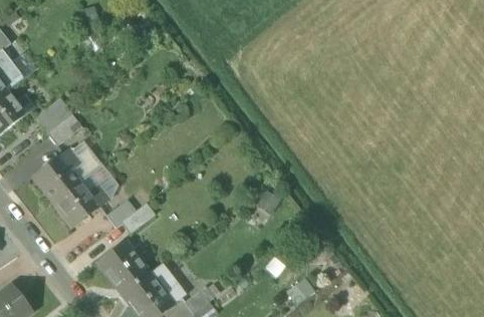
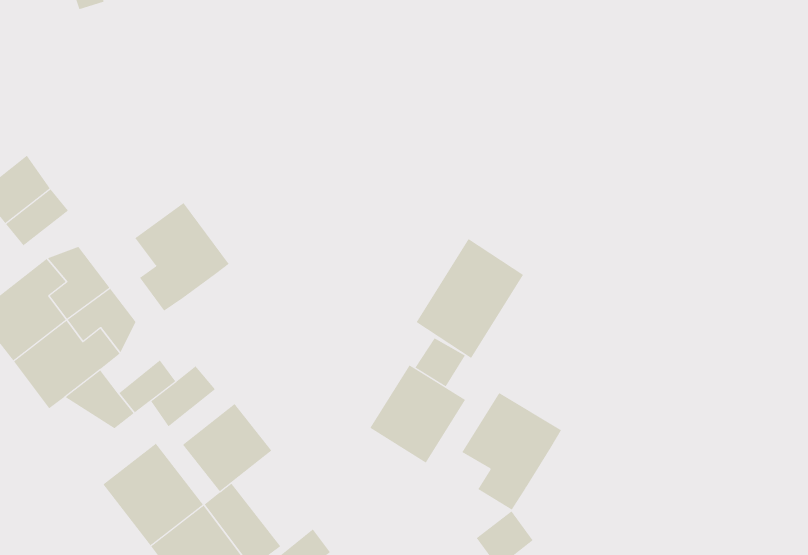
building: none -> [134,202,230,312]
building: none -> [416,238,524,359]
building: none -> [370,364,466,463]
building: none -> [461,392,562,510]
building: none -> [182,403,272,492]

